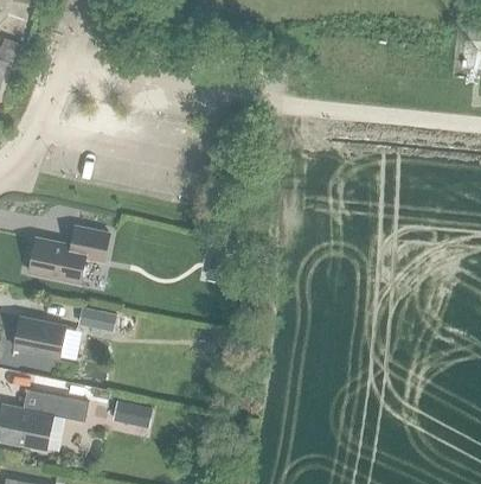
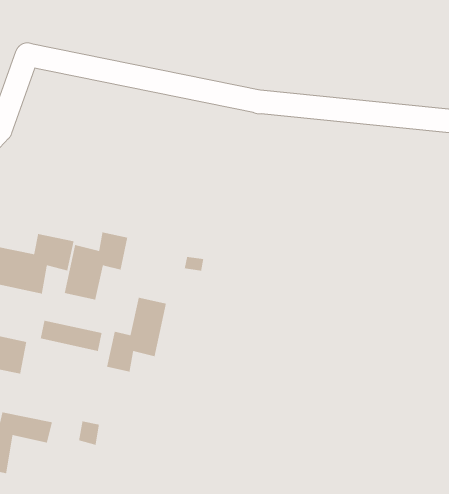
building: none -> [64,231,128,301]
building: none -> [106,297,167,372]

